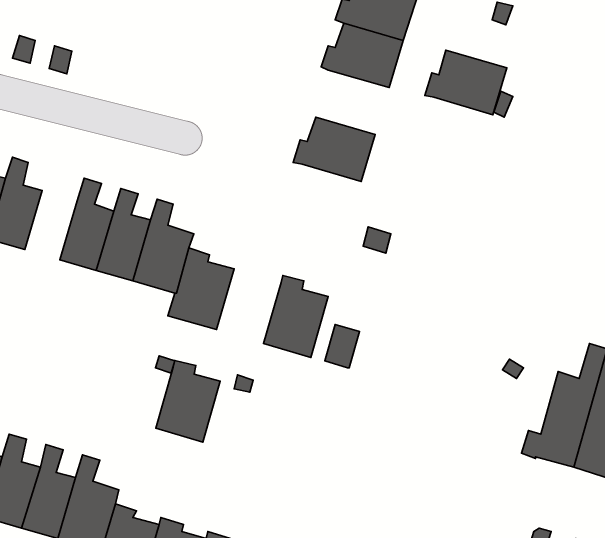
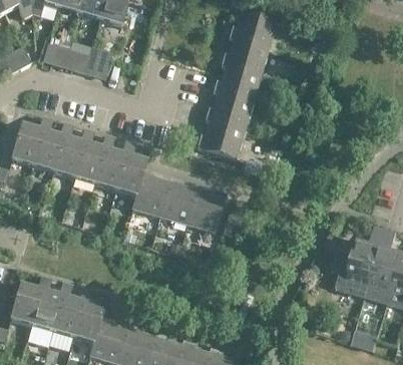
building: none -> [85,48,113,78]
building: [425,50,507,115] -> [213,67,260,104]
building: none -> [197,121,244,159]
building: none -> [50,123,80,176]
building: [156,360,220,442] -> [160,177,197,225]

